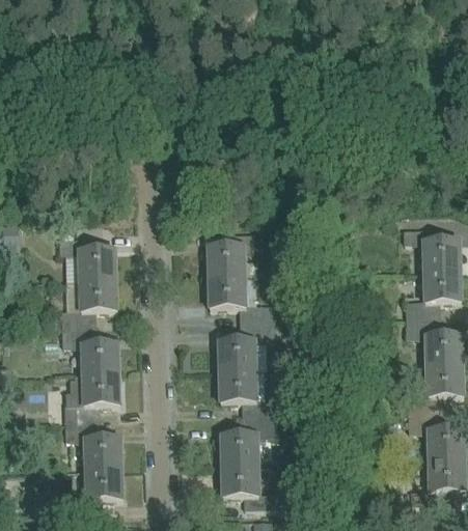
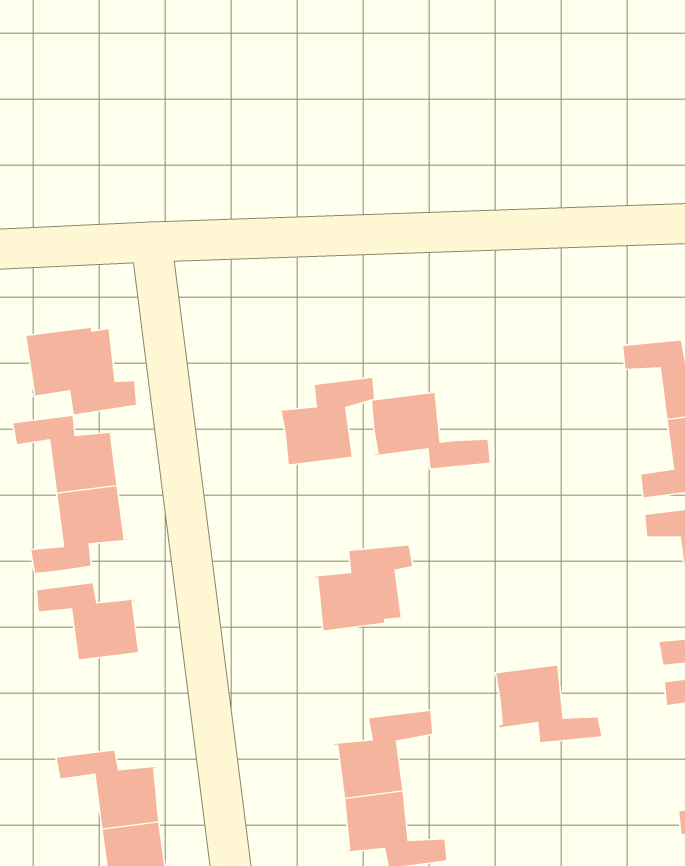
building: none -> [25,327,137,415]
building: [209,274,273,316] -> [371,392,491,469]
building: [219,368,276,411] -> [496,665,602,743]
building: [64,371,119,416] -> none

